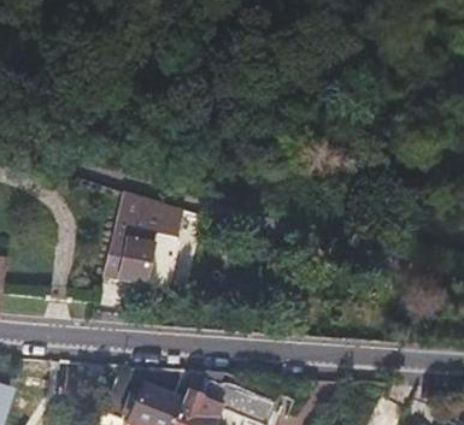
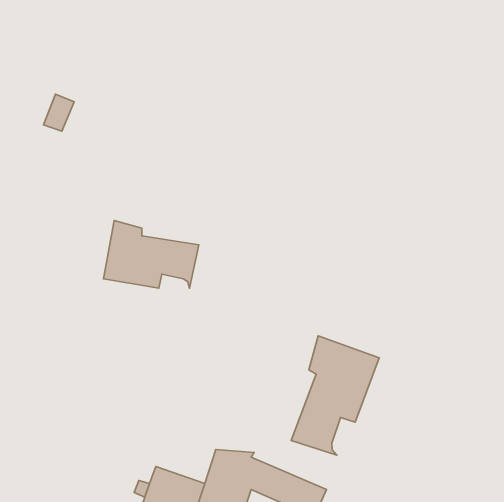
building: [95,234,170,291] -> none
building: none -> [291,336,379,455]

